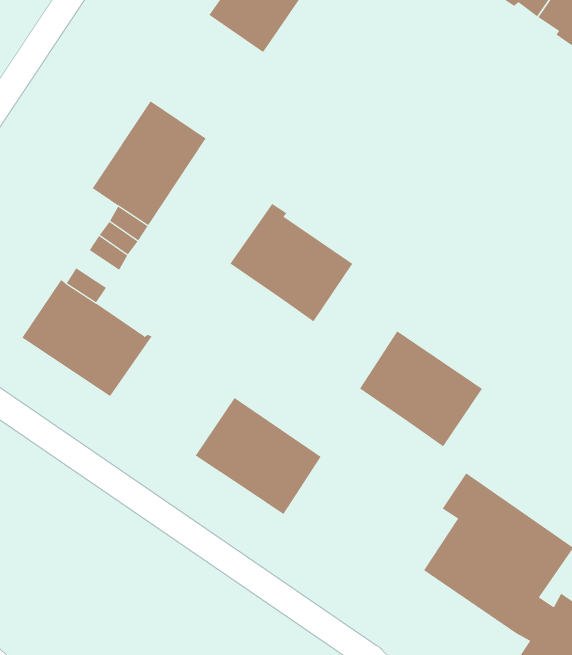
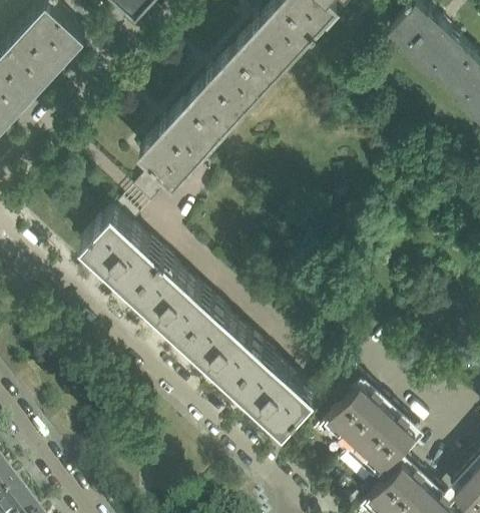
building: none -> [187,56,266,136]
building: [230,203,353,322] -> [133,260,213,341]
building: [359,330,483,447] -> [234,354,315,434]

